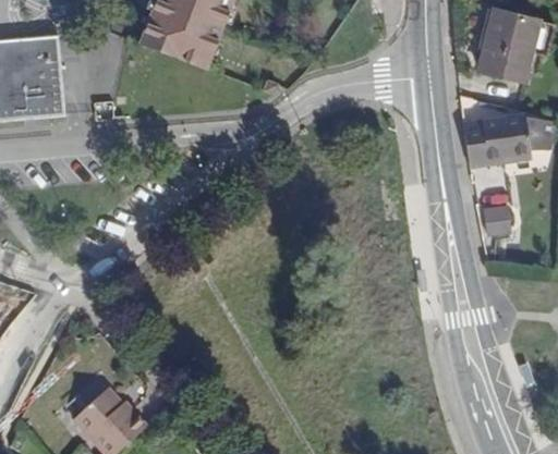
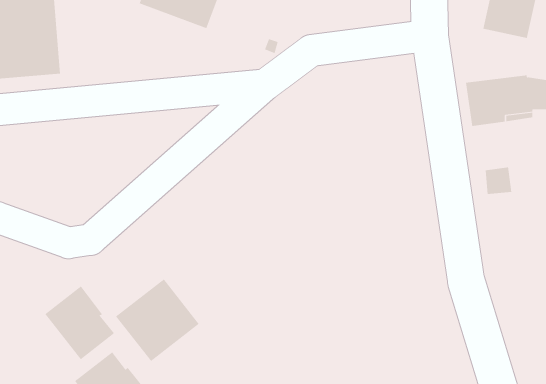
building: none -> [115,278,200,362]
building: none -> [44,286,115,360]

